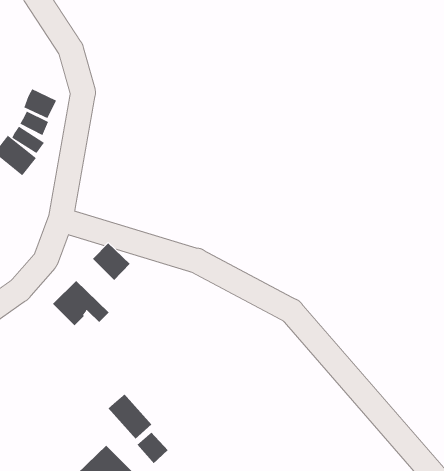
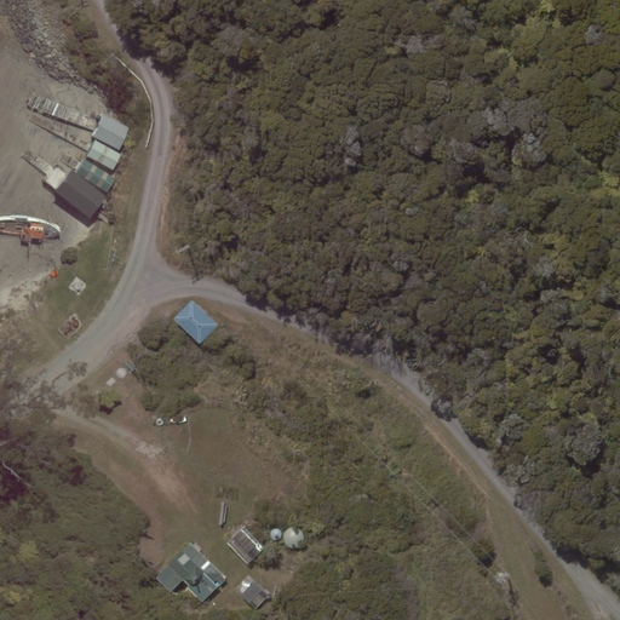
building: [52,280,109,326] -> none
building: [108,393,152,439] -> none

